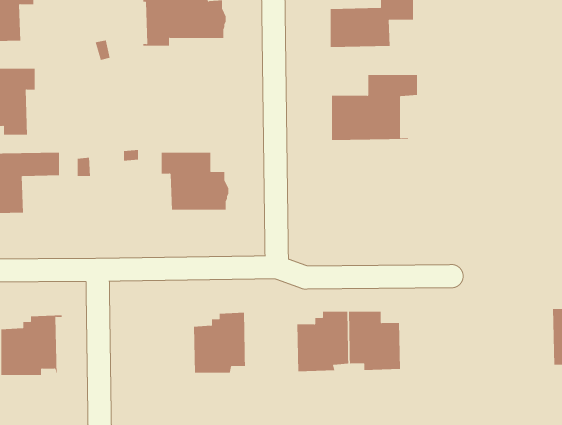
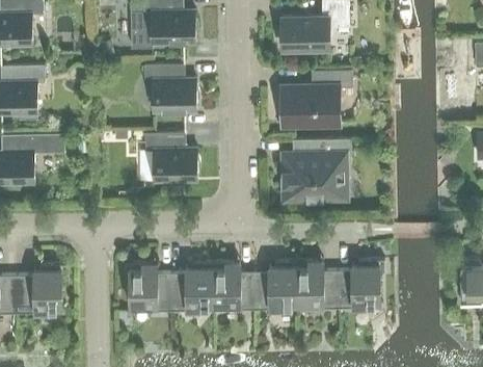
building: none -> [144,65,199,111]
building: none -> [284,139,351,201]
building: none -> [338,261,384,309]
building: none -> [213,263,256,311]
building: none -> [125,264,172,313]

